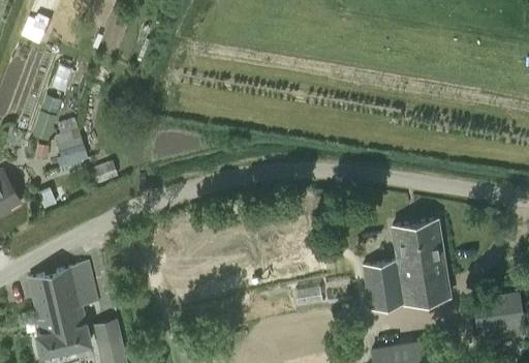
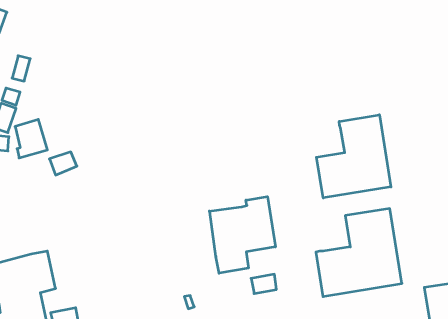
building: none -> [316,115,391,198]
building: none -> [209,197,275,273]

